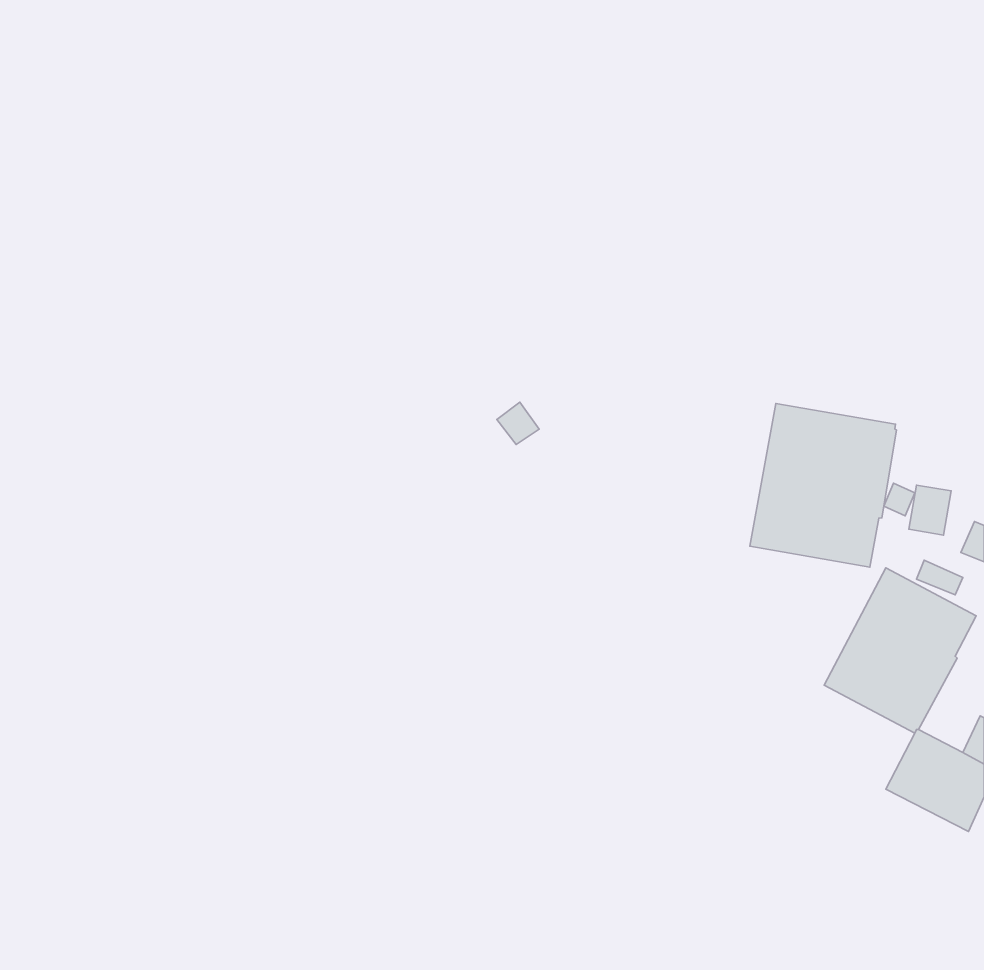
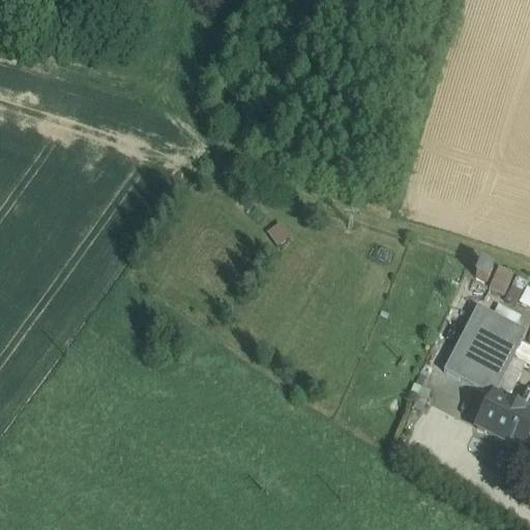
building: [750,403,897,567] -> none

